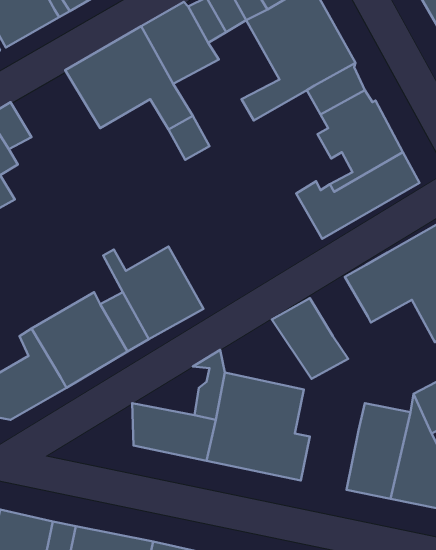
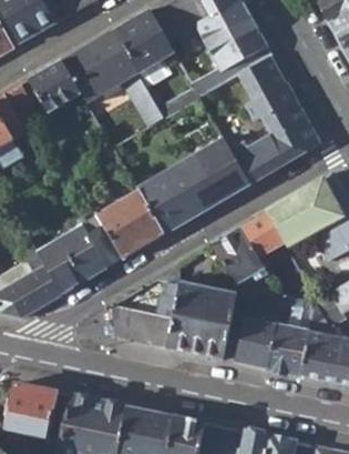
building: none -> [30,61,80,111]
building: none -> [136,140,248,235]
building: none -> [239,212,281,255]
building: none -> [233,297,275,367]

